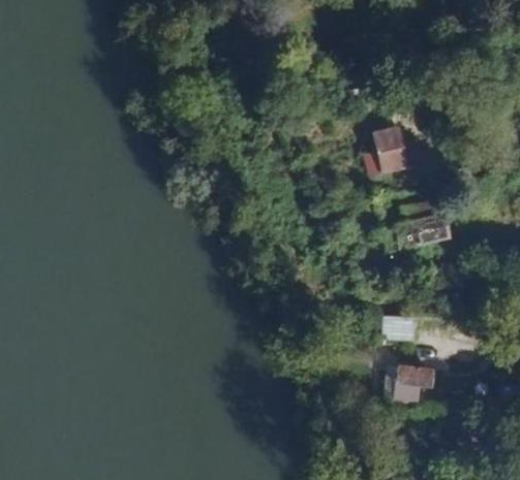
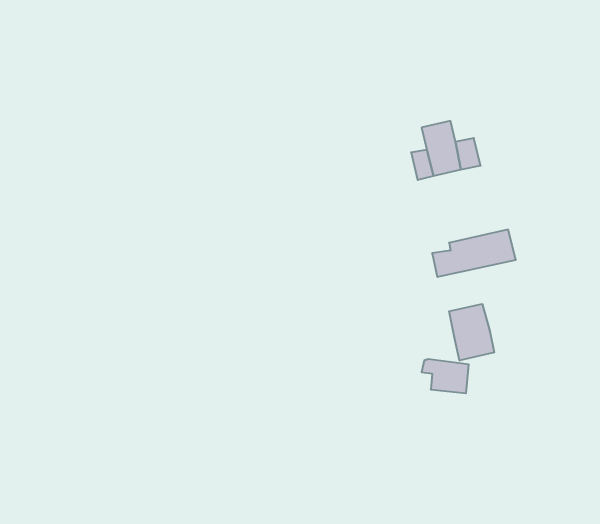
building: none -> [449,304,494,361]
building: [393,370,432,405] -> none

